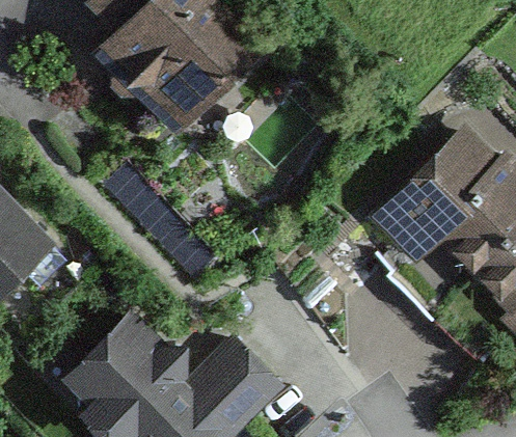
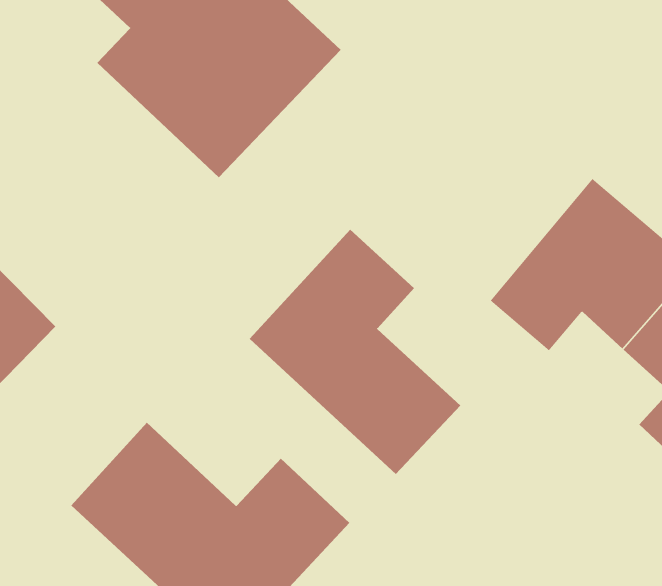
building: none -> [249,229,461,475]

